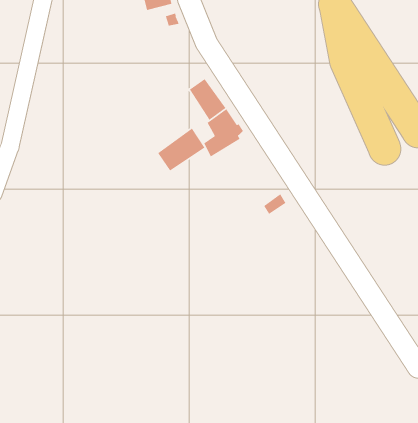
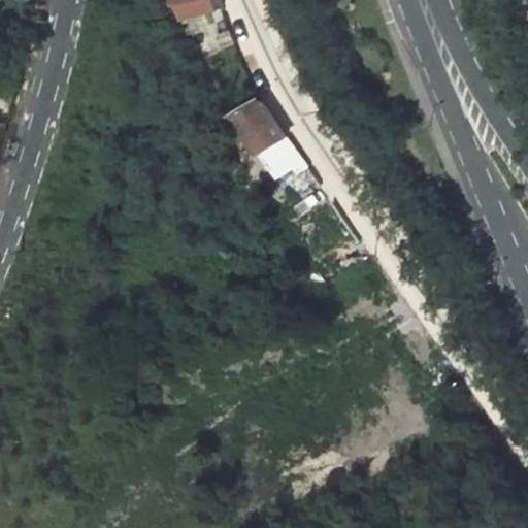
building: [157,127,206,171] -> none

